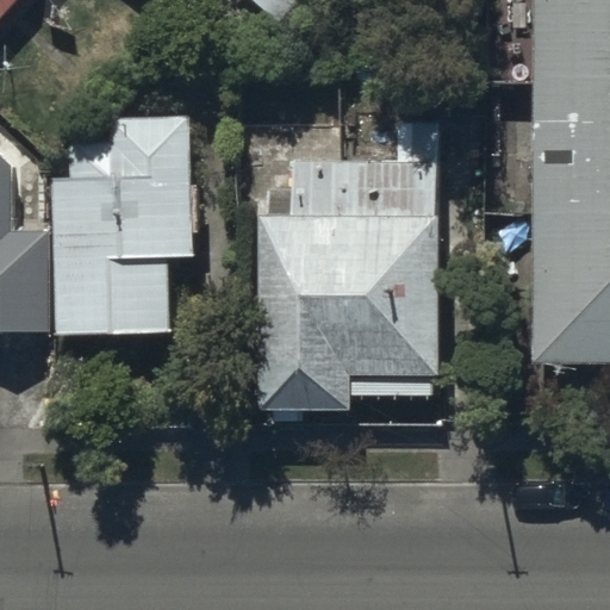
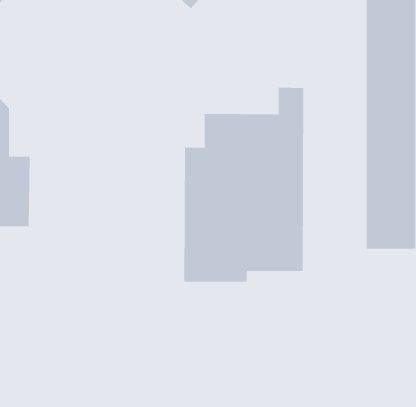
building: [68,117,188,332] -> none

